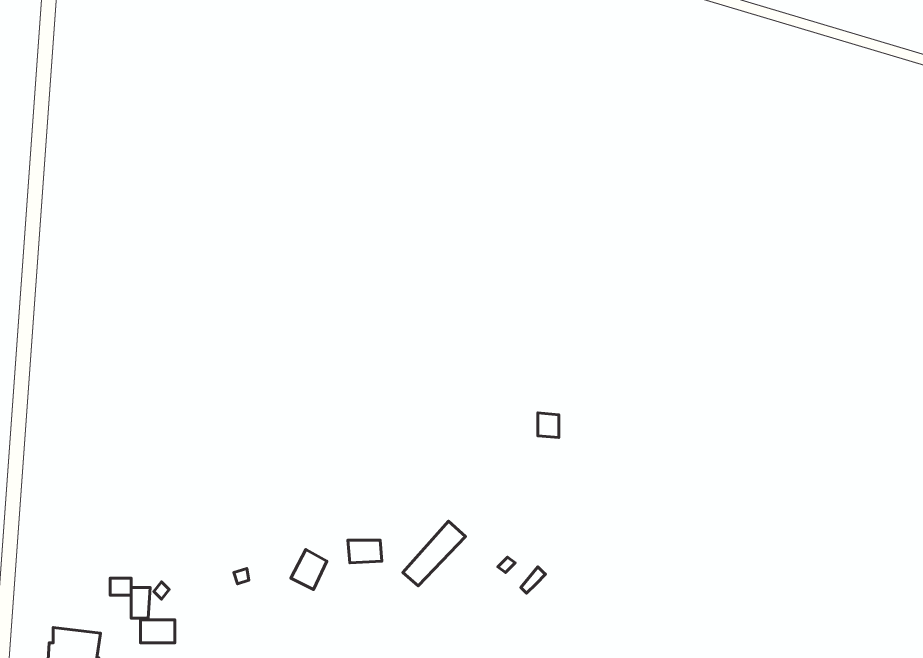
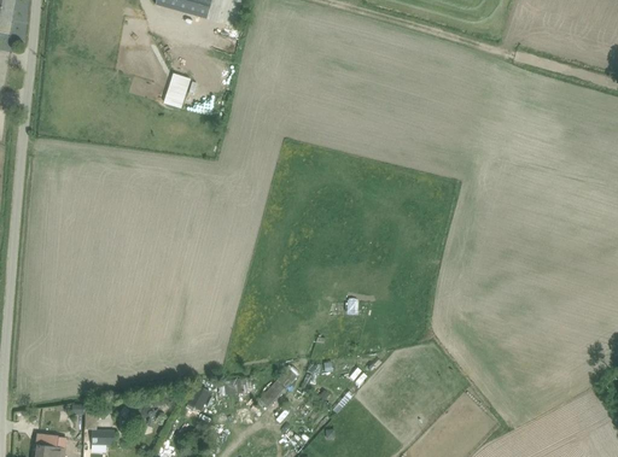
building: none -> [163,72,188,107]

